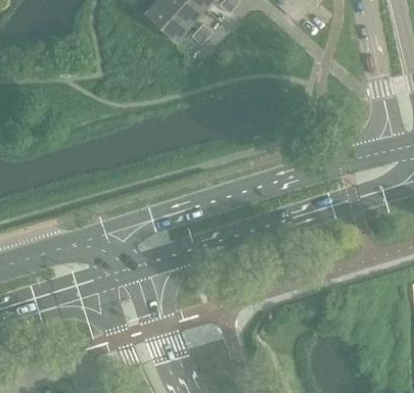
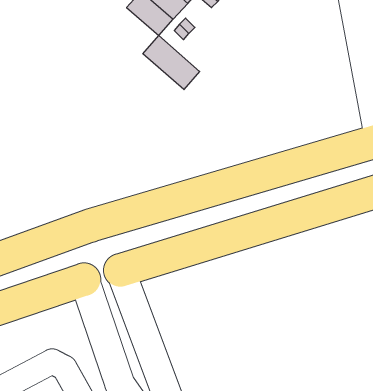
building: none -> [143,36,200,90]

